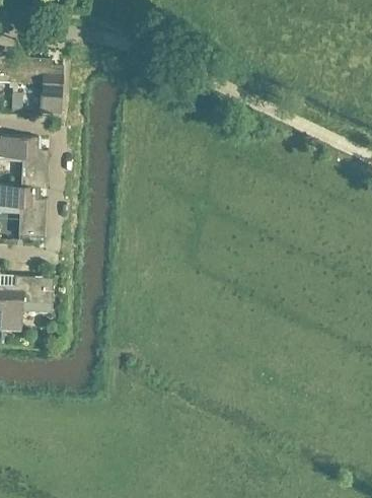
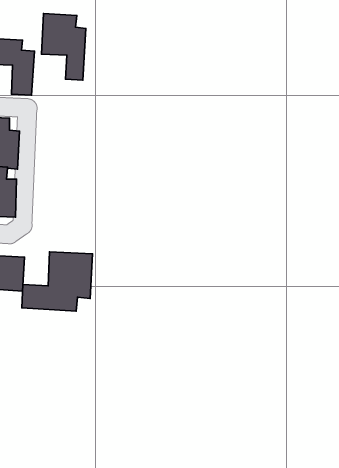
building: none -> [42,14,86,80]
building: none -> [22,252,93,311]

